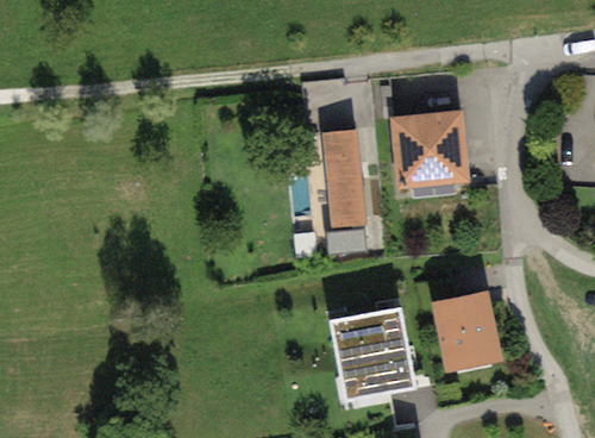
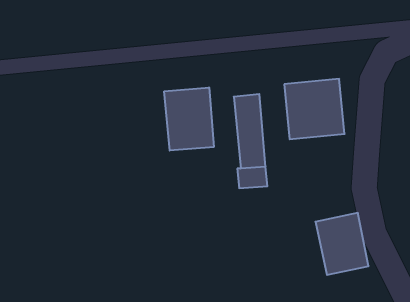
building: none -> [164,87,214,151]
building: [328,307,416,402] -> none

